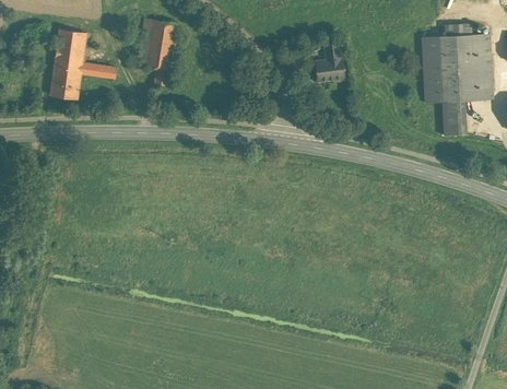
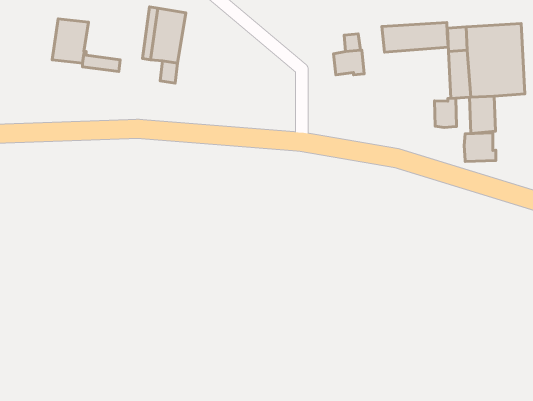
building: none -> [382,22,448,52]
building: [49,68,81,99] -> none
building: none -> [435,98,457,127]
building: none -> [464,133,496,162]

